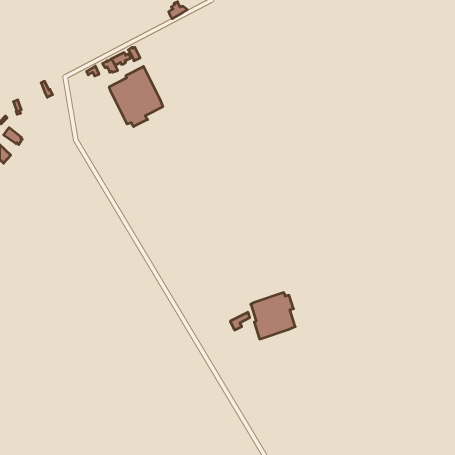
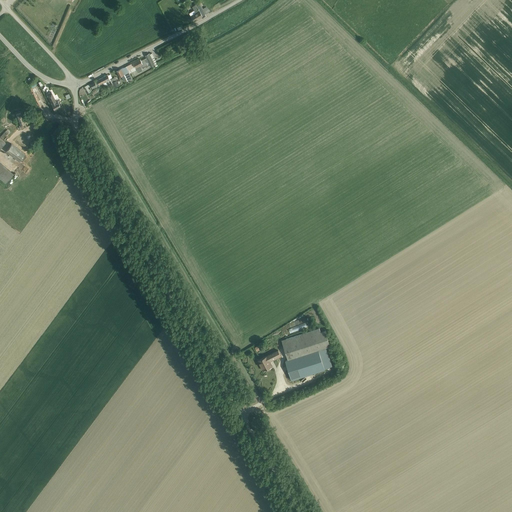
building: [109,66,163,127] -> none

